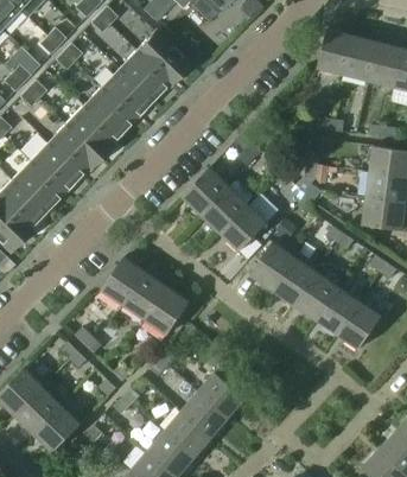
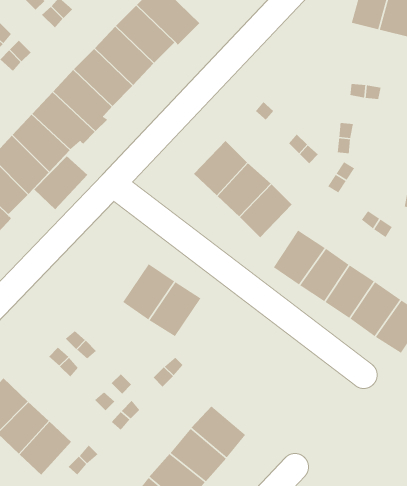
building: none -> [34,156,88,210]
building: [102,256,146,304] -> none
building: [199,371,247,416] -> none

